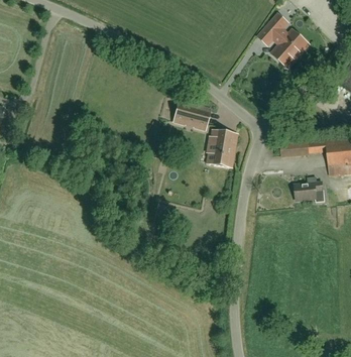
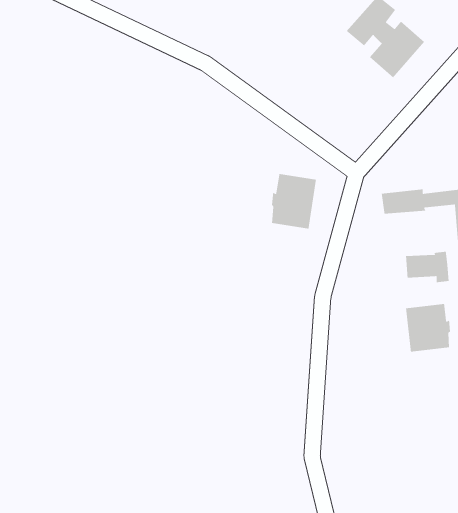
building: [171,99,210,130] -> none
building: none -> [405,303,451,353]

